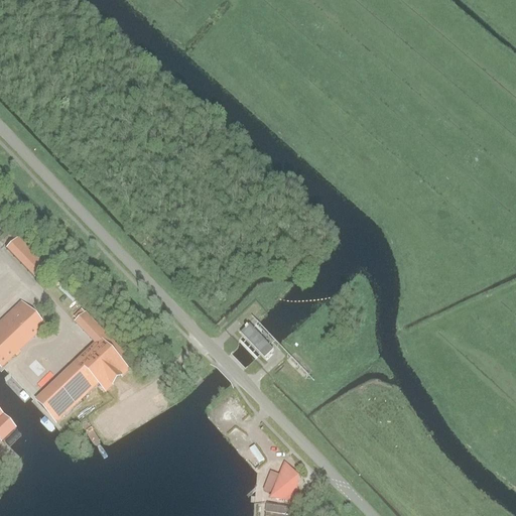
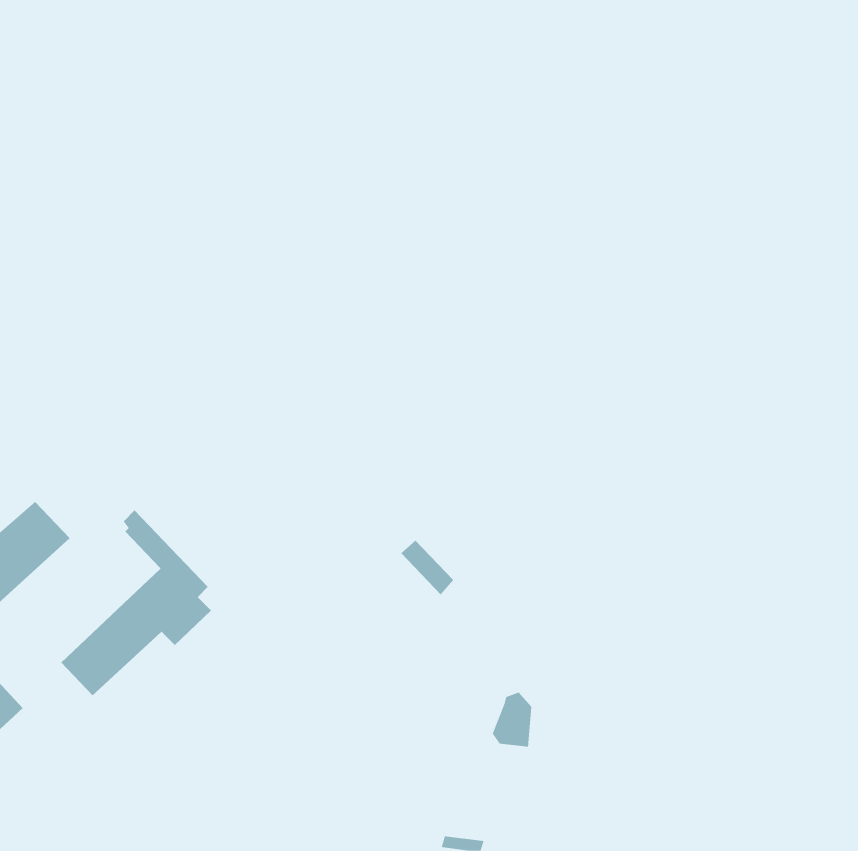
building: [5,234,44,274] -> none
building: [272,465,296,498] -> [492,692,532,747]

